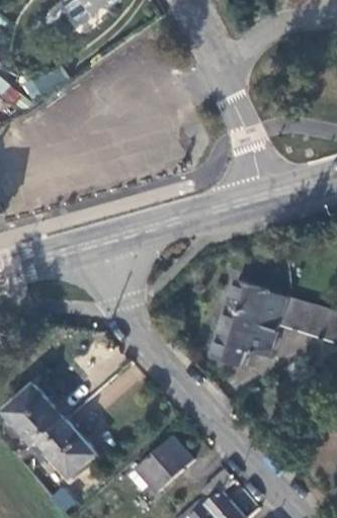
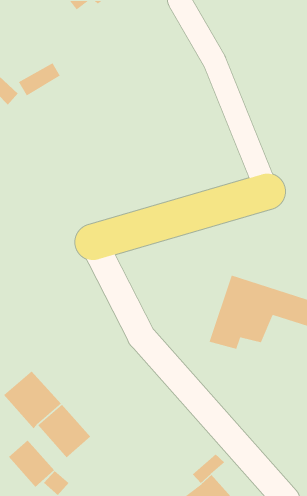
building: [139,437,193,491] -> none
building: none -> [8,439,55,488]

